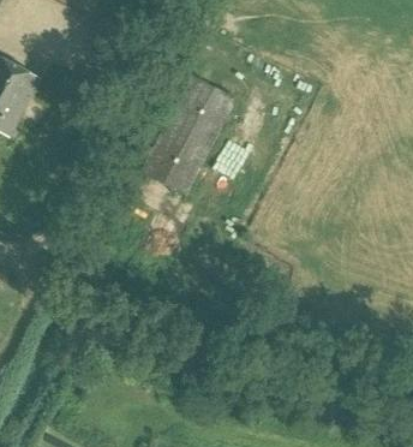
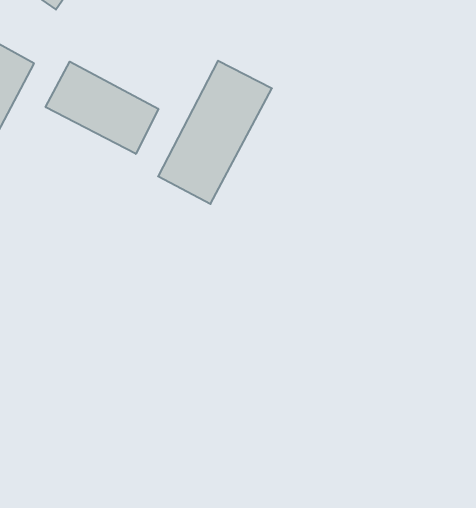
building: none -> [46,62,158,154]

